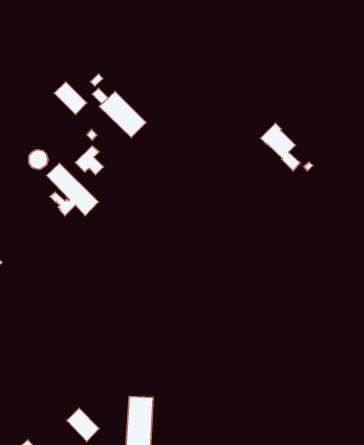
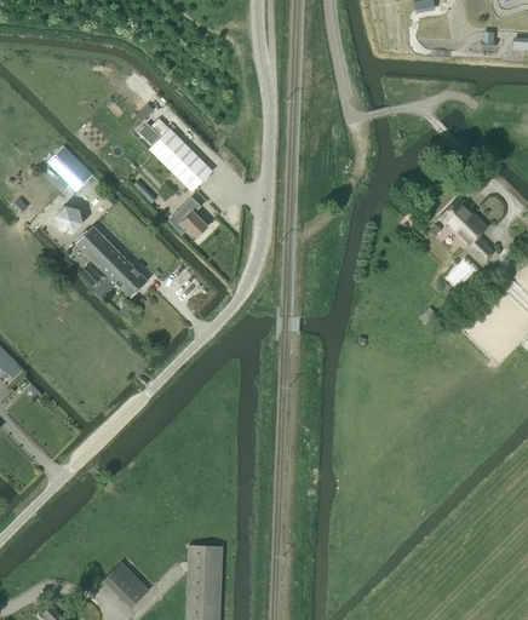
building: [54,82,87,114] -> [48,147,93,191]
building: [260,123,300,171] -> [440,197,494,263]
building: [75,146,104,175] -> [168,197,207,237]

